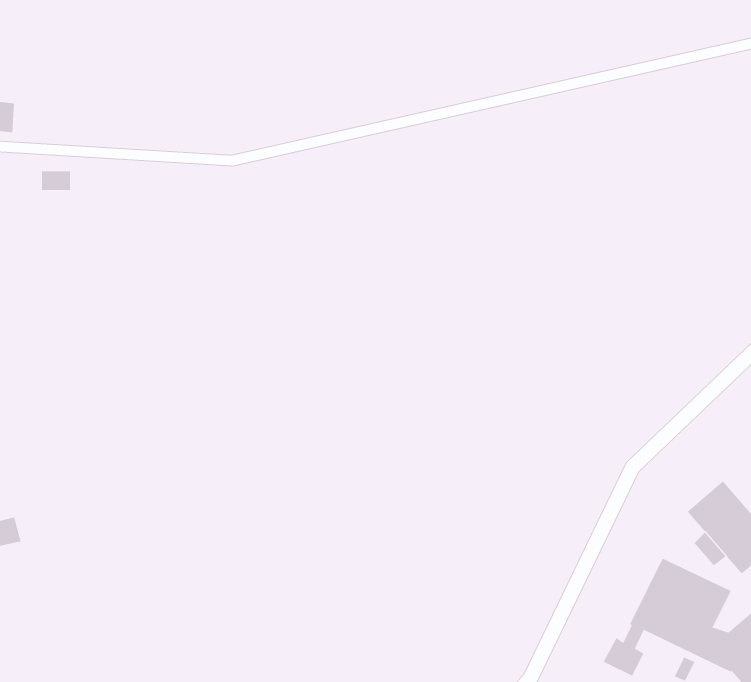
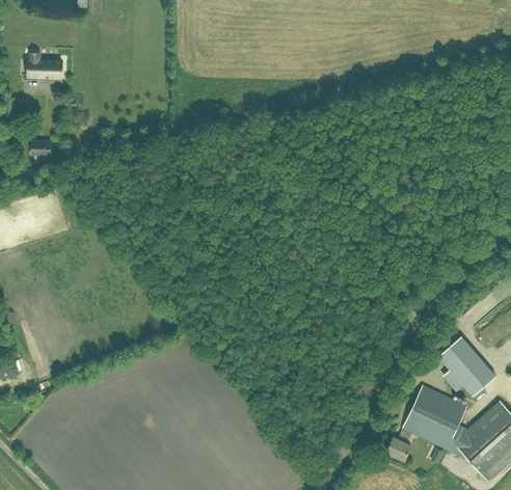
building: none -> [27,53,61,78]

